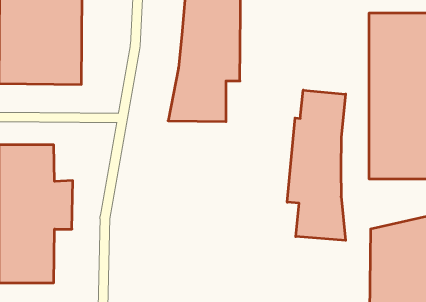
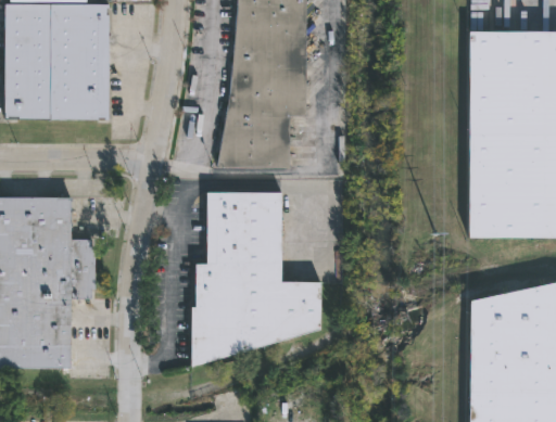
building: [287,90,346,240] -> none
building: none -> [190,193,320,368]

